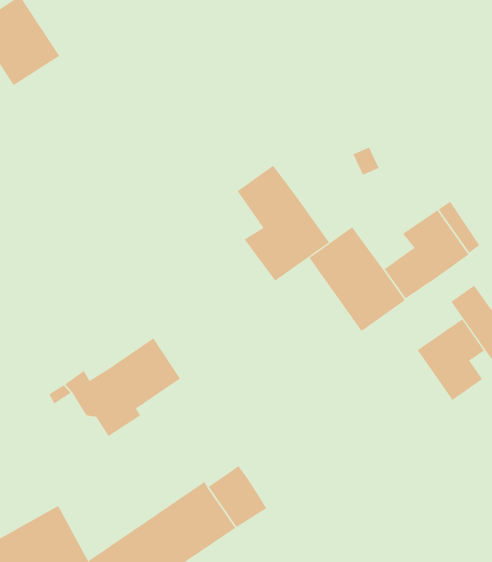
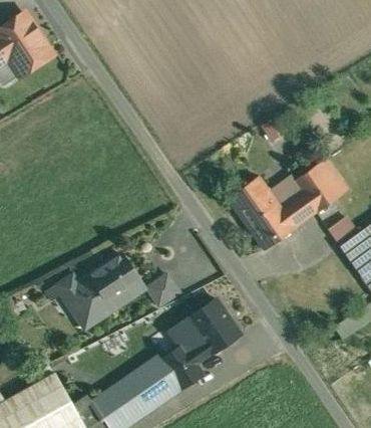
building: [237,165,329,282] -> none
building: [417,319,485,401] -> none
building: none -> [144,274,178,307]
building: none -> [175,299,238,364]

